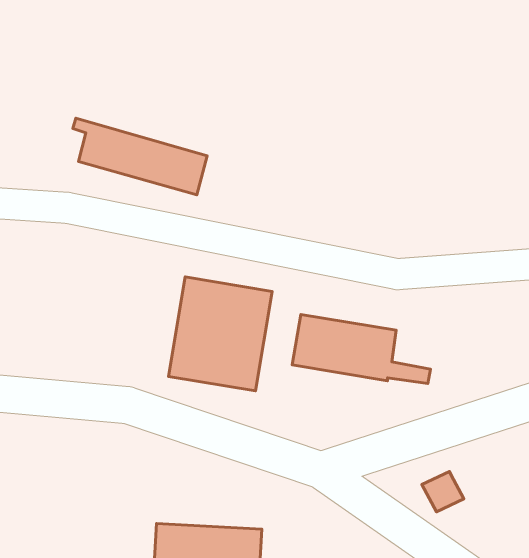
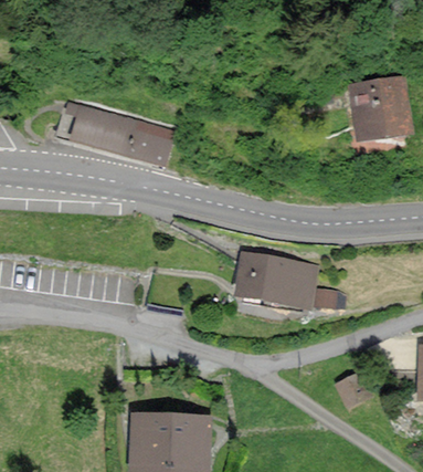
building: none -> [349,77,408,136]
building: [169,277,272,391] -> none

